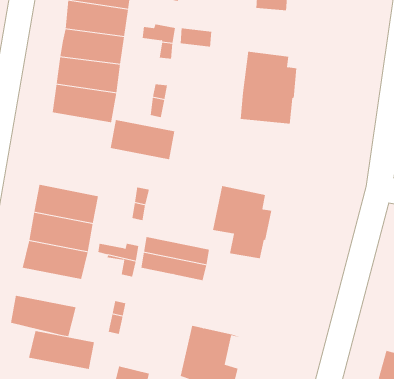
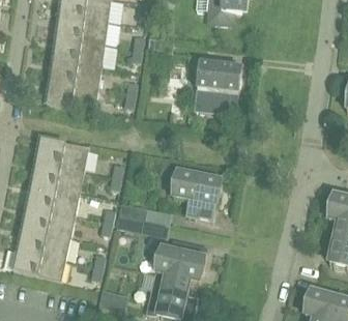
building: [110,119,175,160] -> [35,137,87,169]
building: none -> [156,238,206,282]
building: [28,330,95,370] -> [17,226,69,257]

